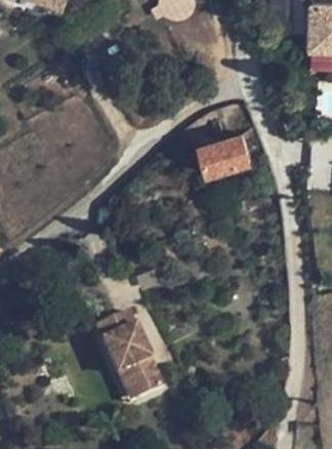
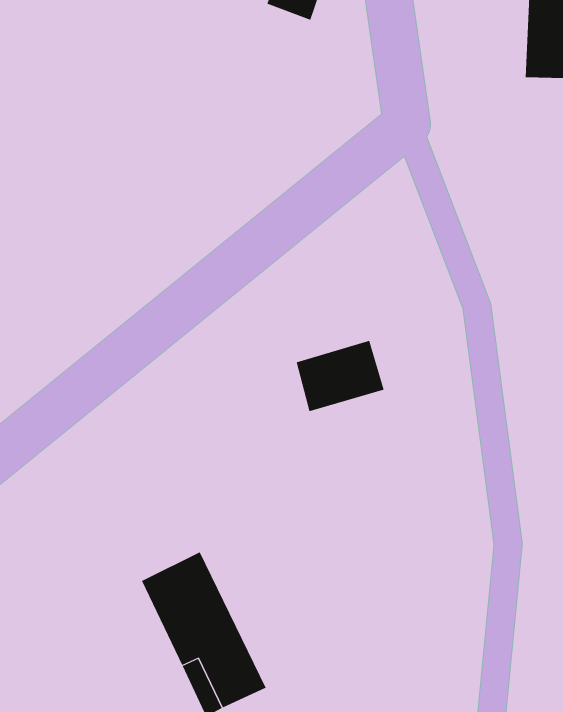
building: [200,134,249,174] -> [296,340,384,412]

